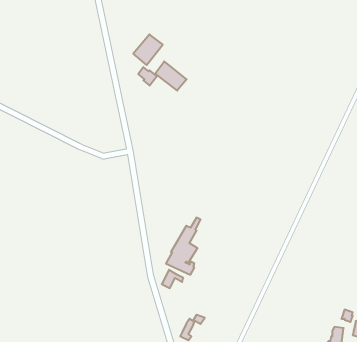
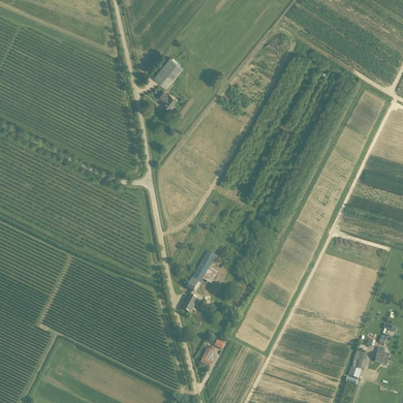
building: [155,61,187,91] -> none

